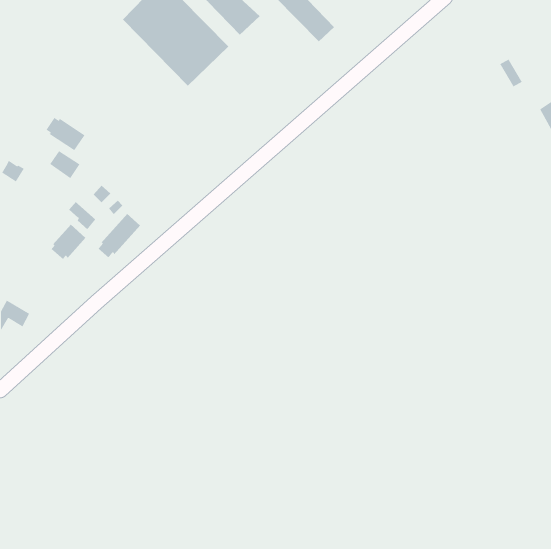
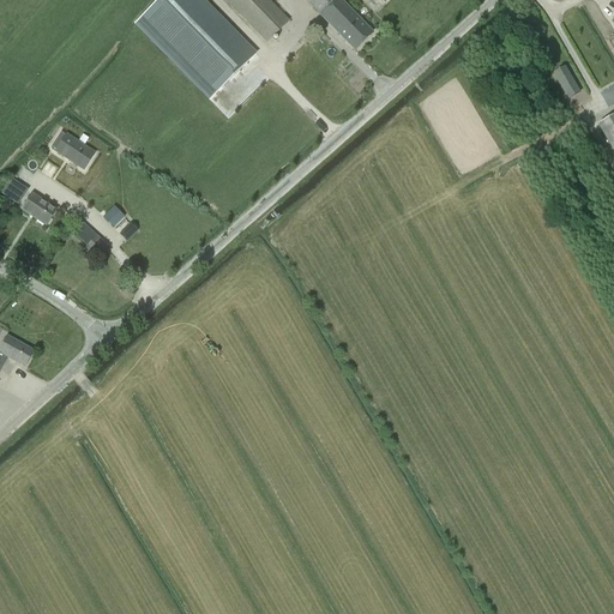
building: [49,150,80,179] -> [23,191,58,223]
building: [98,213,141,259] -> none
building: [51,224,86,260] -> none

